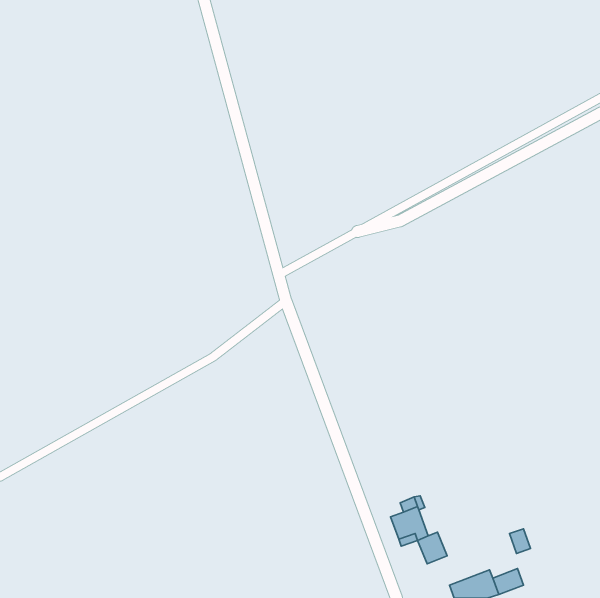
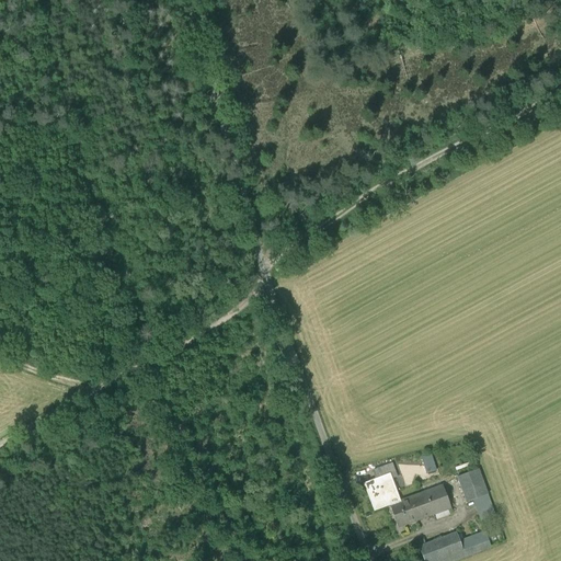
building: none -> [458,468,489,501]
building: none -> [409,484,450,518]

